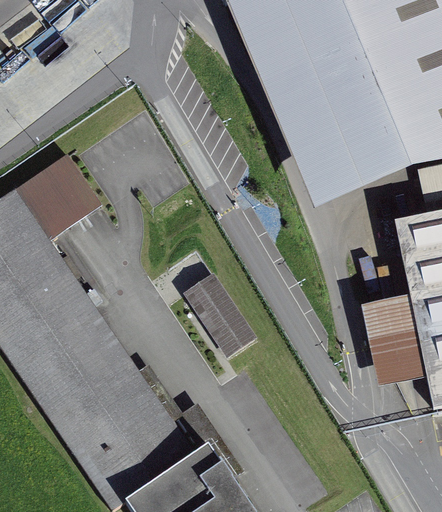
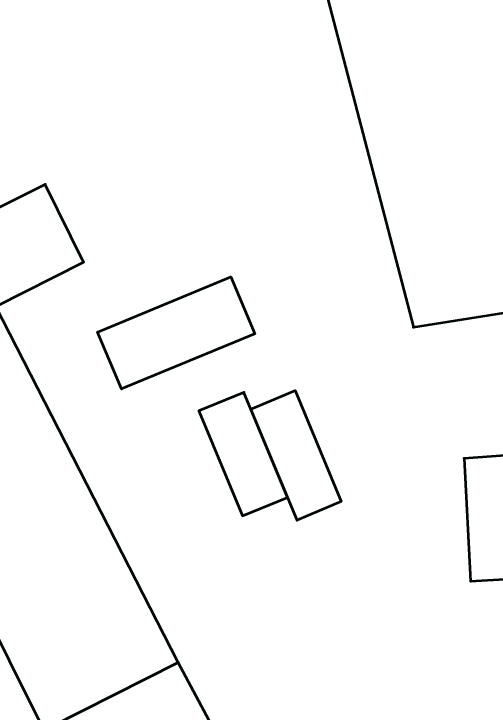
building: none -> [98,277,255,389]
building: none -> [251,391,341,520]

